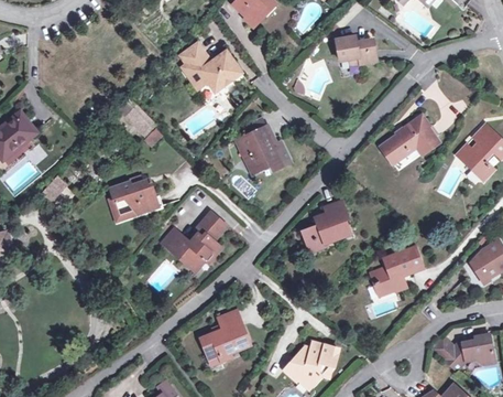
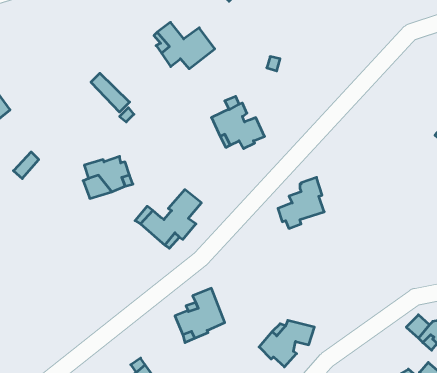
building: [336,35,376,64] -> none
building: [381,116,438,163] -> none
building: [370,247,422,292] -> none

